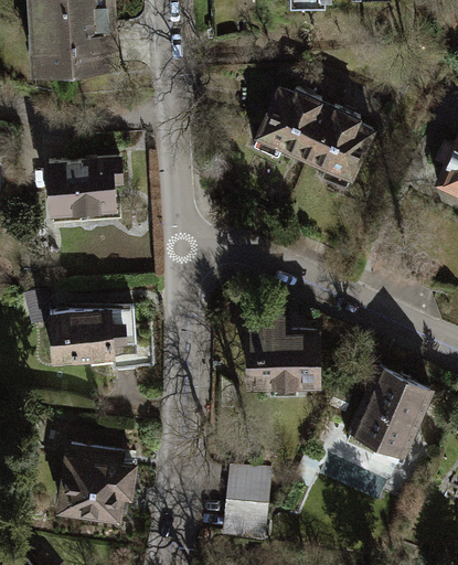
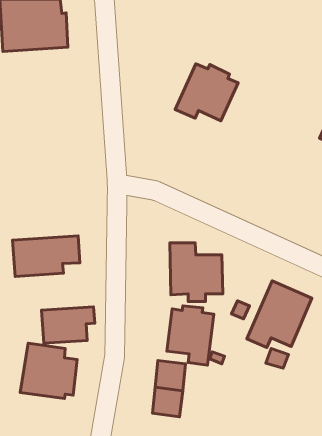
building: [313,107,375,189] -> none
building: [47,158,120,221] -> none
building: none -> [167,306,214,365]
building: none -> [42,307,95,343]

